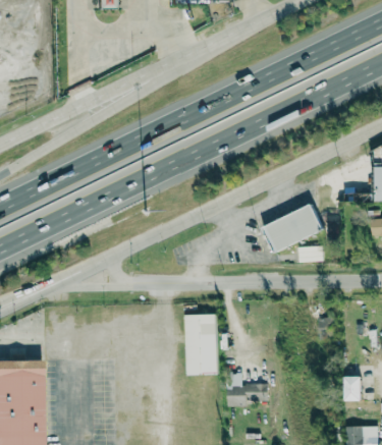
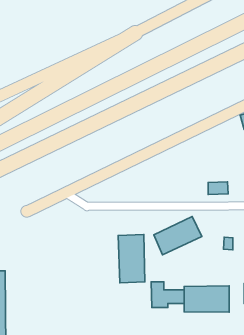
building: [263,204,324,253] -> [154,216,202,255]
building: none -> [184,286,229,312]

